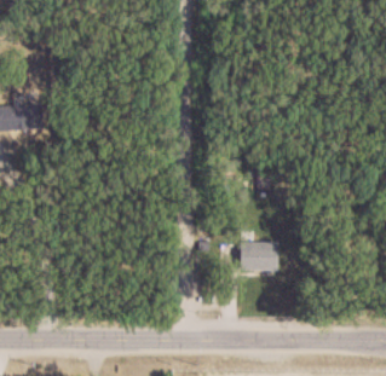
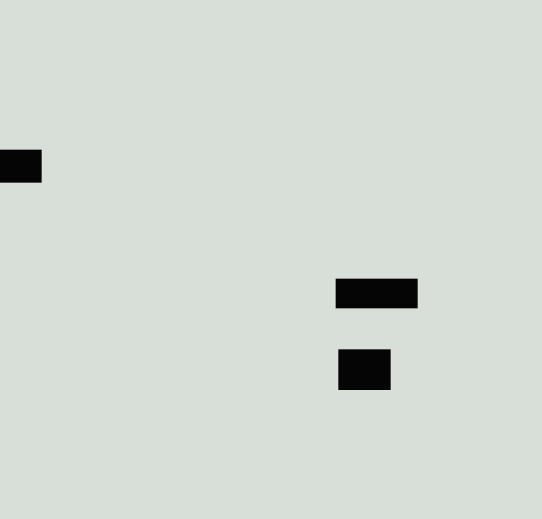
building: none -> [335,278,418,309]

